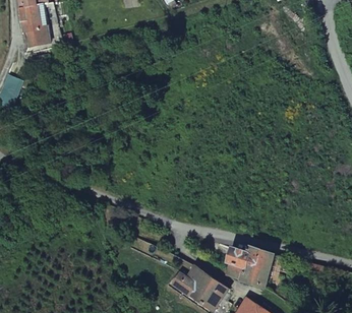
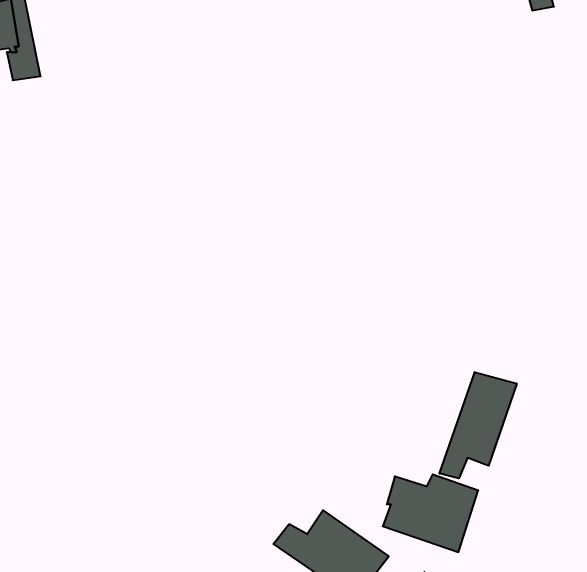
building: none -> [439,372,517,478]

